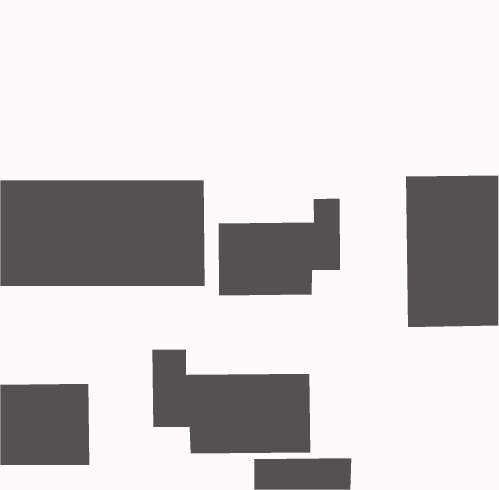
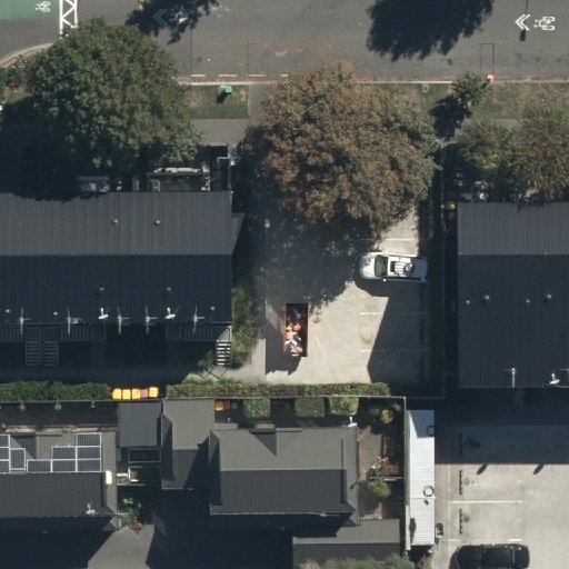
building: [218,198,341,296] -> none

